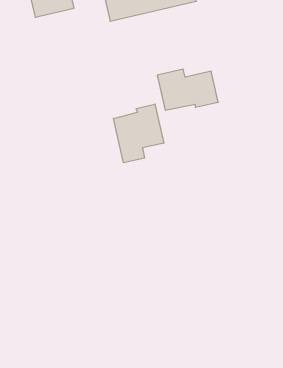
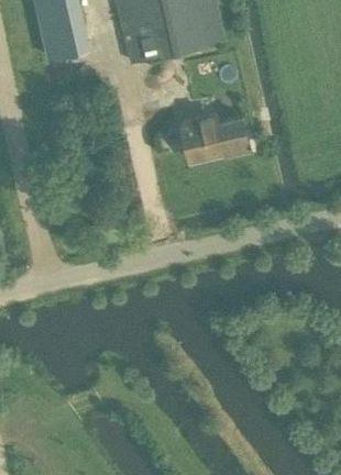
building: [113,104,164,163] -> none

